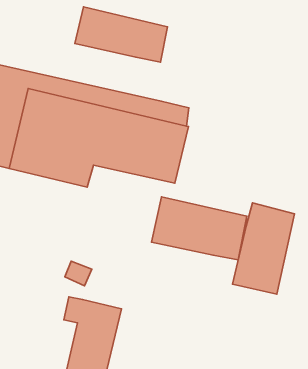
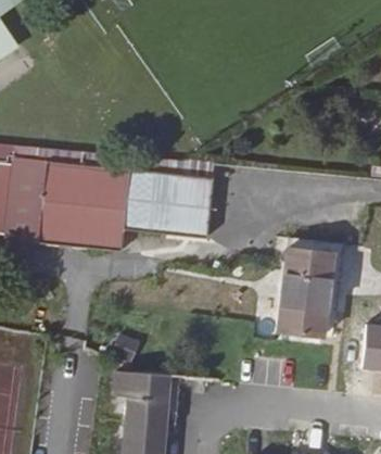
building: [75,7,168,62] -> none
building: [151,197,247,260] -> none

